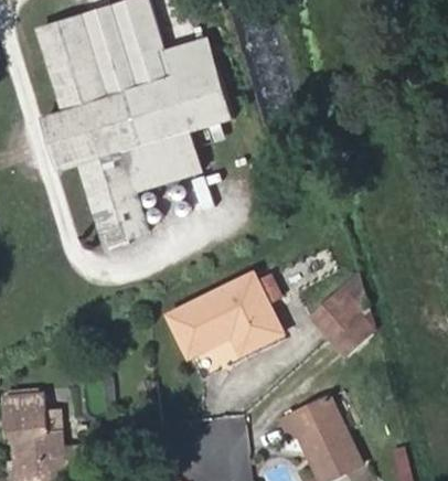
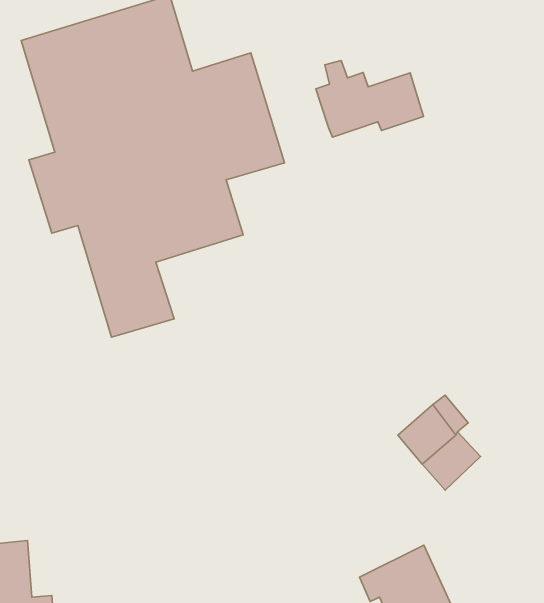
building: none -> [316,60,424,137]
building: [168,270,284,356] -> none

